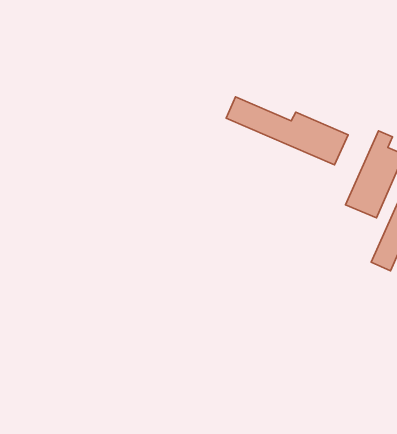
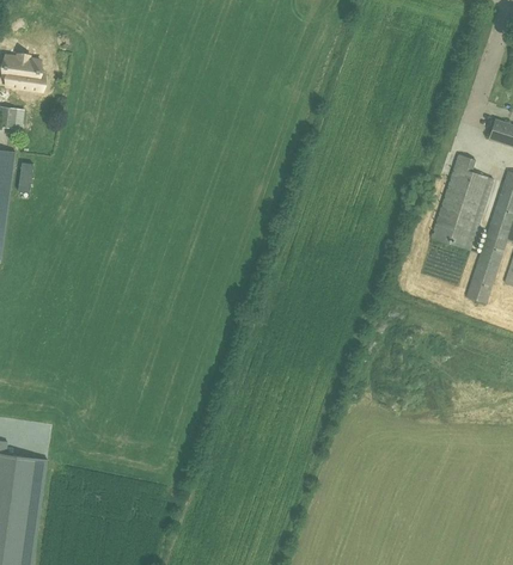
building: [226,97,348,165] -> none

